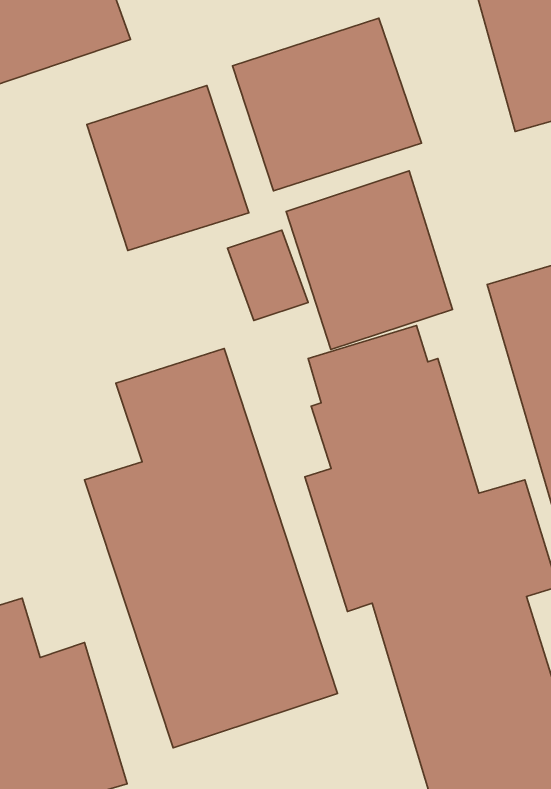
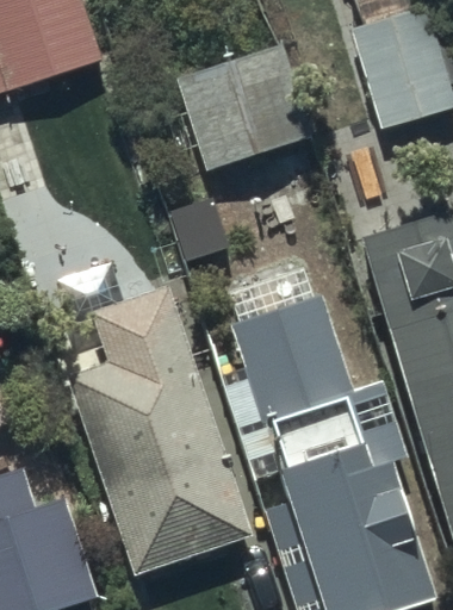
building: [87,86,249,250] -> none
building: [286,171,453,349] -> none

